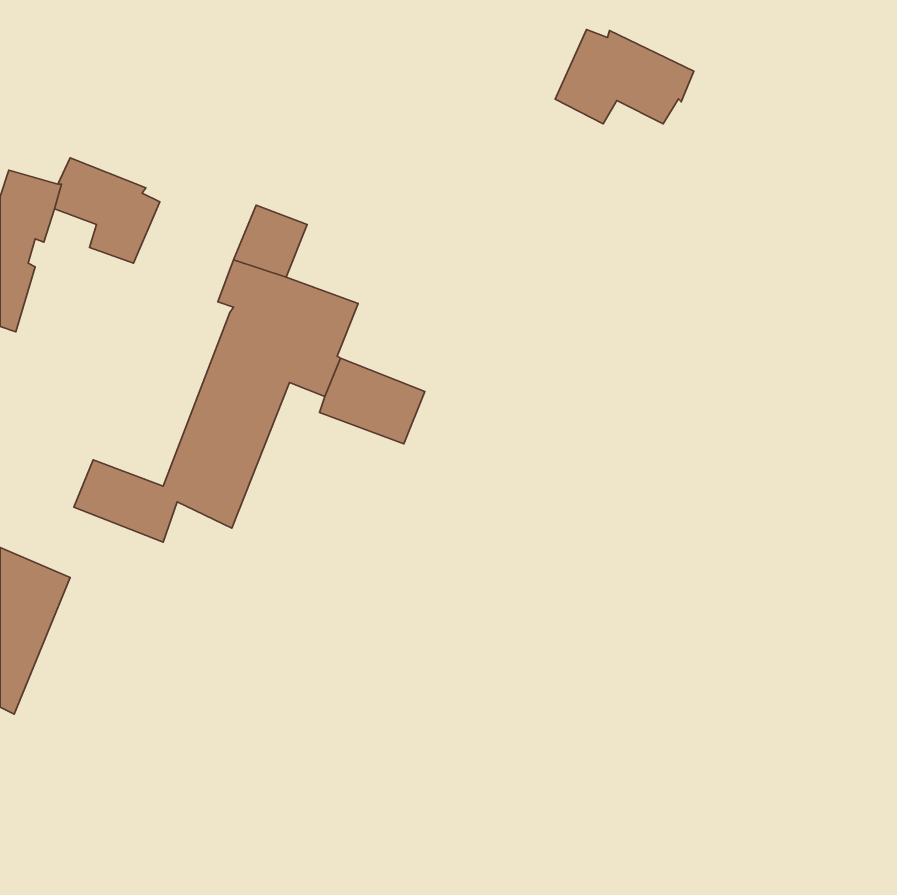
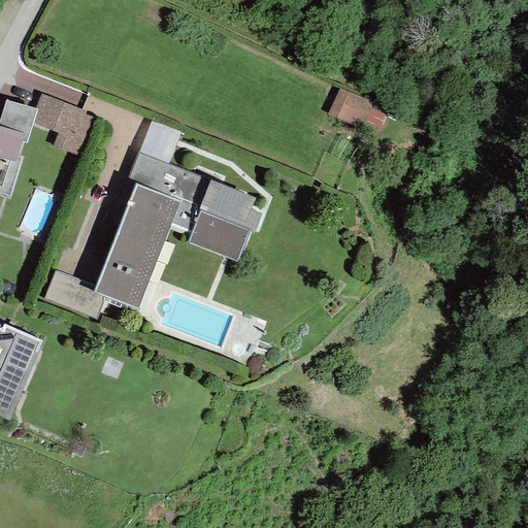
building: [555,29,694,124] -> none
building: none -> [327,87,367,127]
building: none -> [198,178,261,232]

